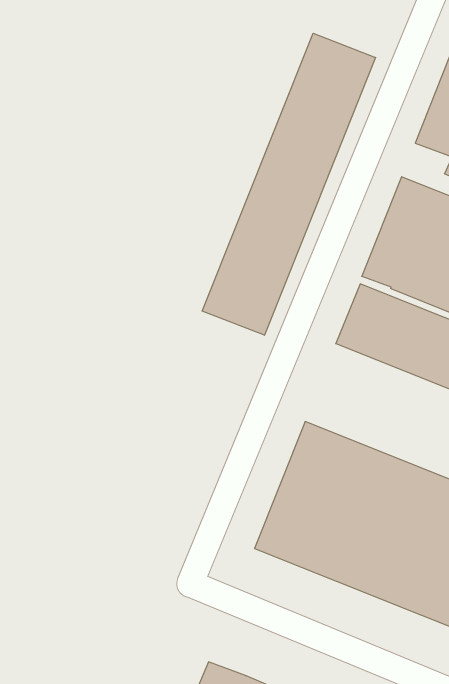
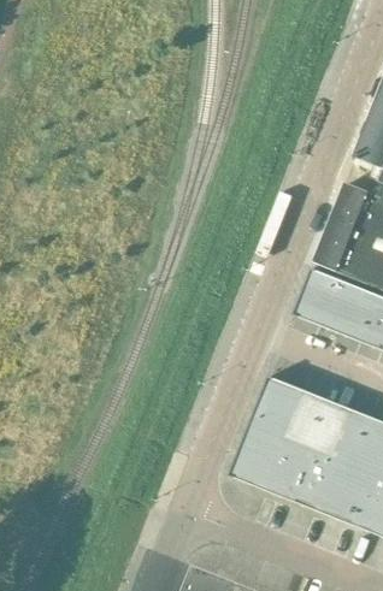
building: [202,33,376,335] -> none

